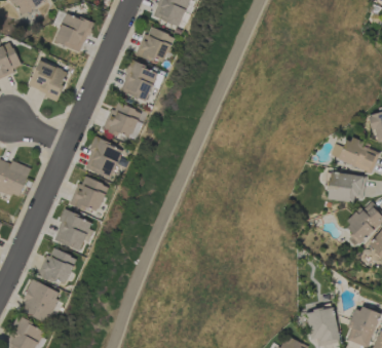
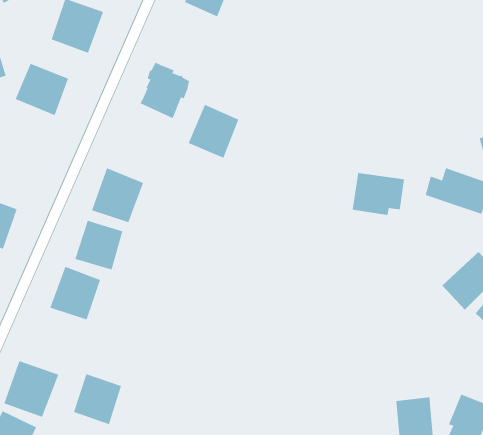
building: [135,27,175,62] -> none
building: [104,101,142,141] -> [188,104,239,158]
building: [327,171,366,203] -> [352,172,405,215]
building: [40,247,76,285] -> [73,373,122,425]

